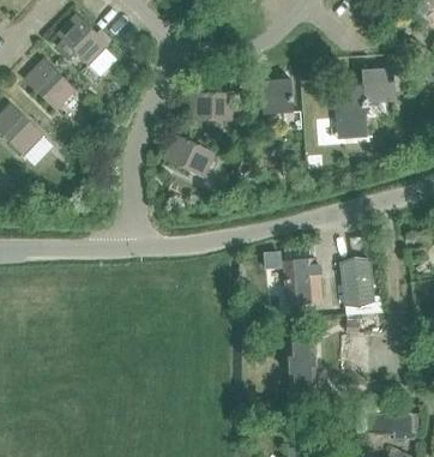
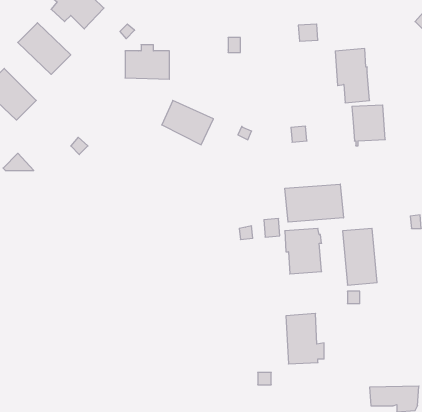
building: [361,67,393,107] -> [352,105,385,146]
building: [260,78,293,113] -> none
building: [191,86,234,120] -> [125,45,169,79]
building: none -> [285,184,343,222]

